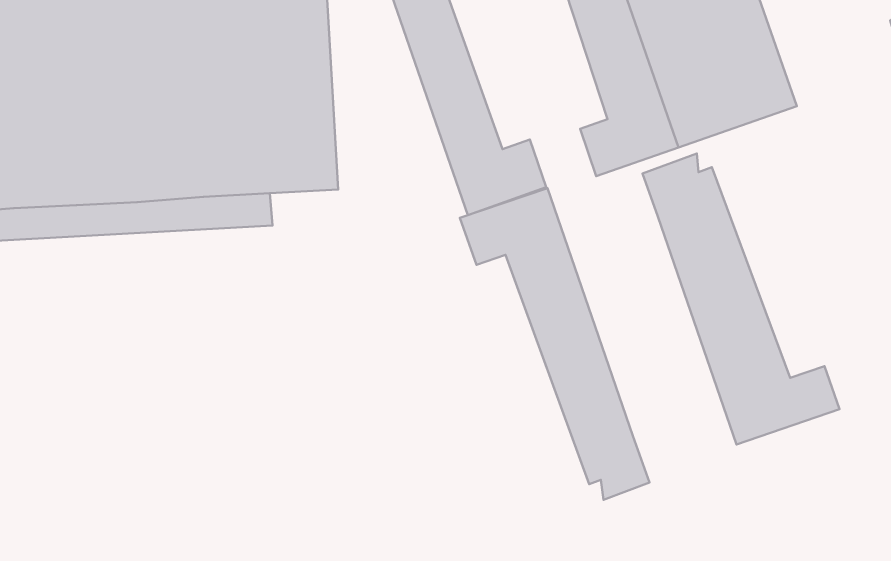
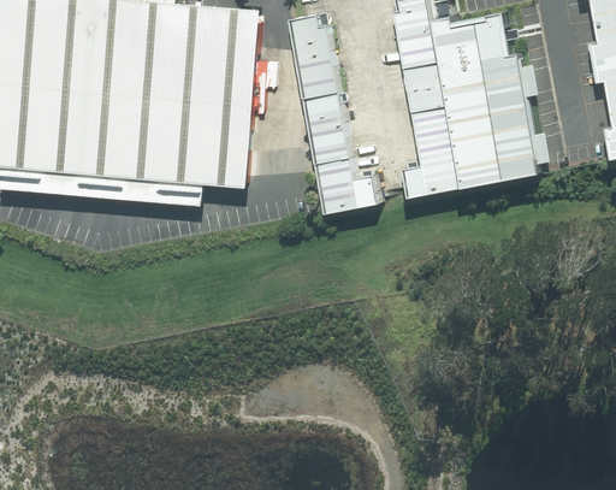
building: [643,153,840,445] -> none
building: [460,188,649,500] -> none

